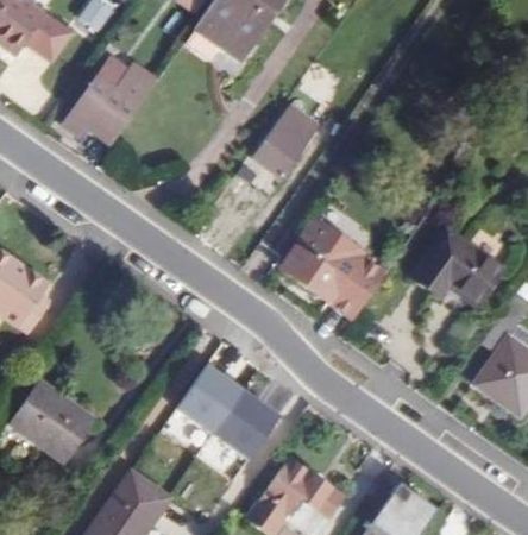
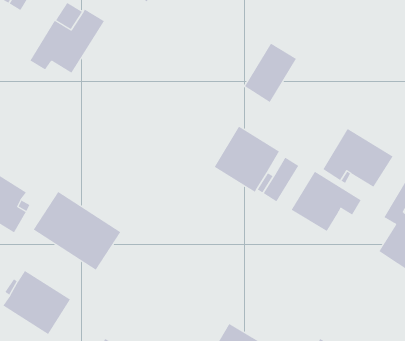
building: [253,106,320,180] -> [244,43,297,103]
building: none -> [291,171,361,232]
building: [168,359,276,459] -> [33,191,121,270]

